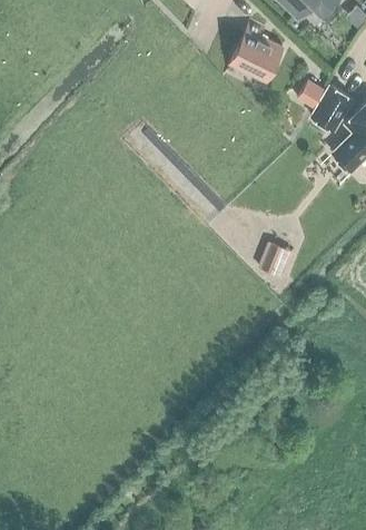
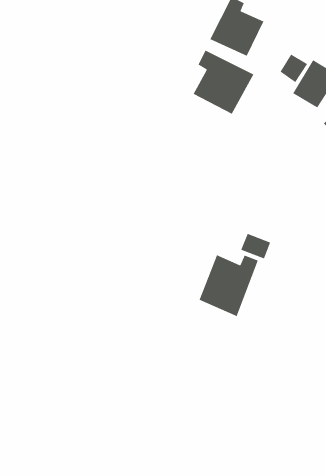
building: none -> [192,50,254,115]
building: none -> [198,254,259,317]

